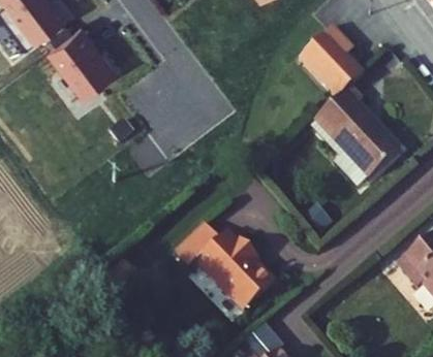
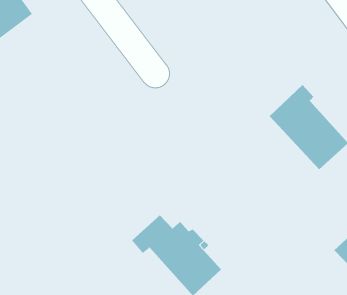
building: [51,27,121,95] -> none
building: [304,33,371,107] -> none

